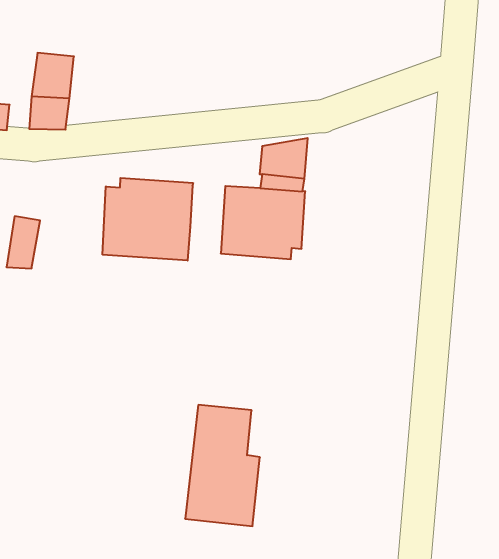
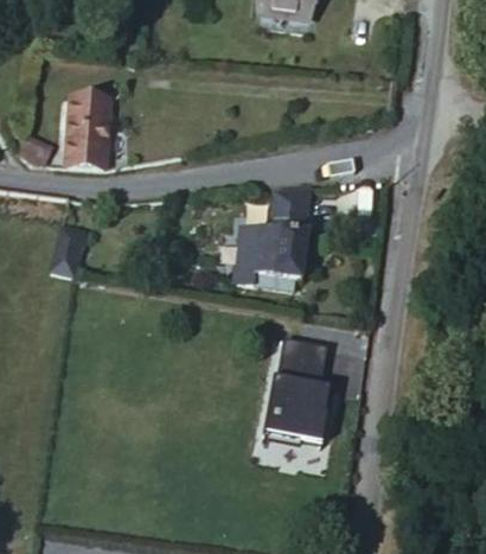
building: [103,178,193,261] -> none
building: [185,405,260,526] -> [269,336,335,441]

